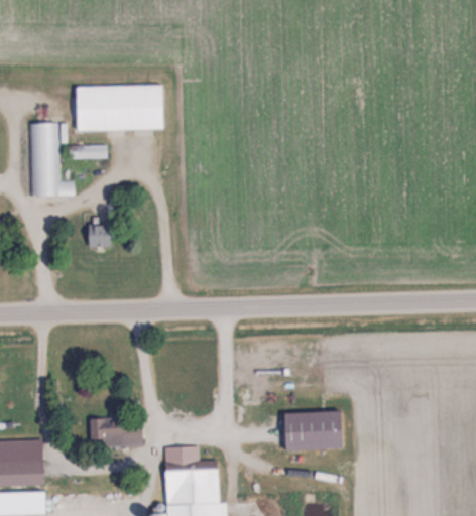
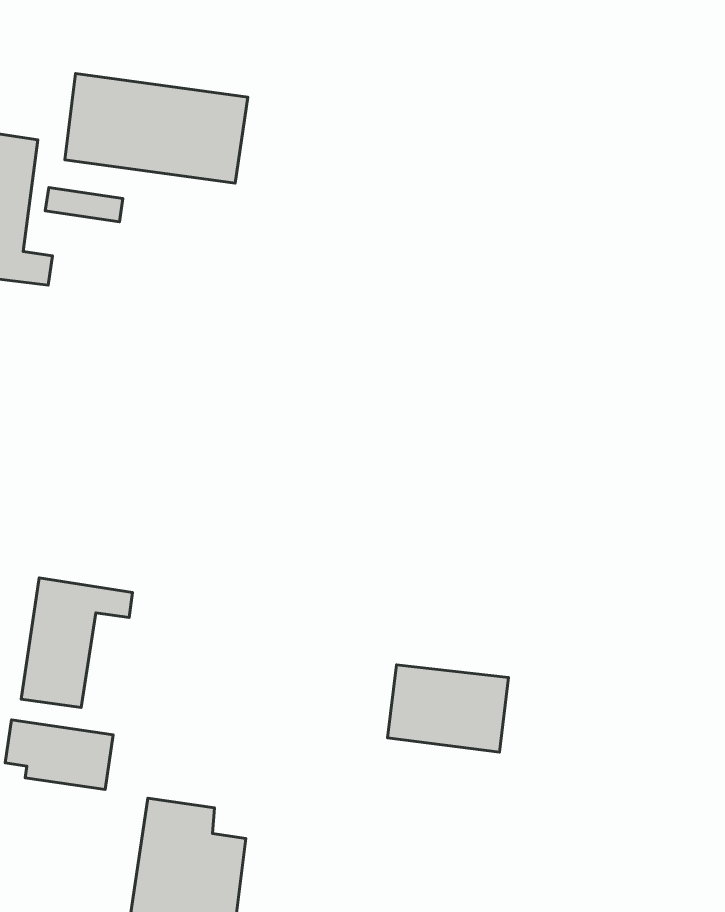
building: [87,224,111,248] -> none
building: none -> [21,578,132,708]
building: [281,410,340,449] -> [388,665,508,752]

